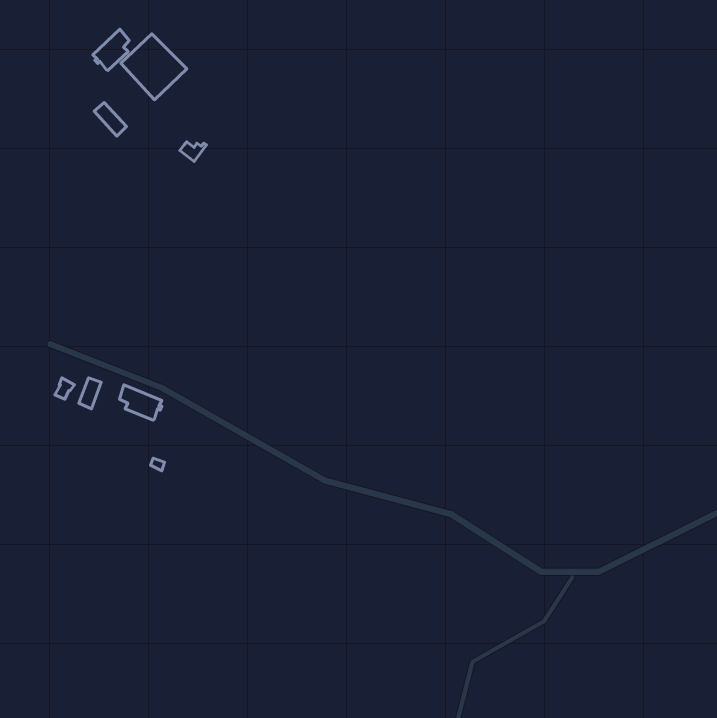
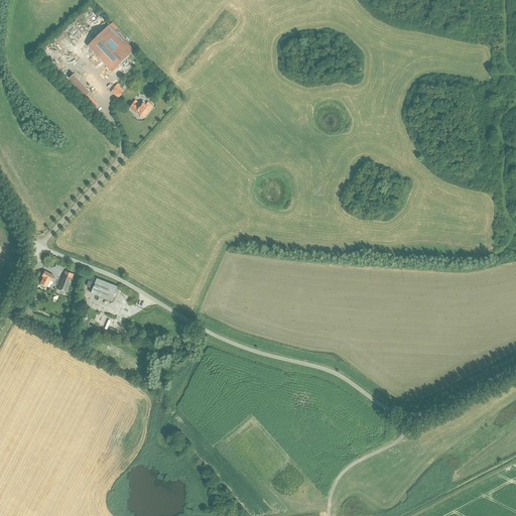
building: [93,29,129,70] -> none

